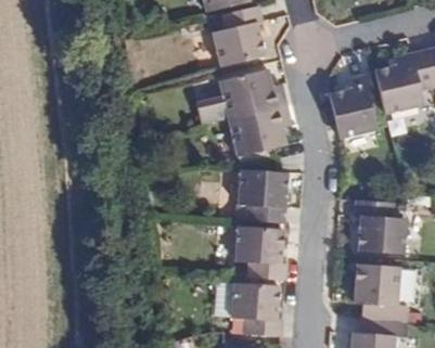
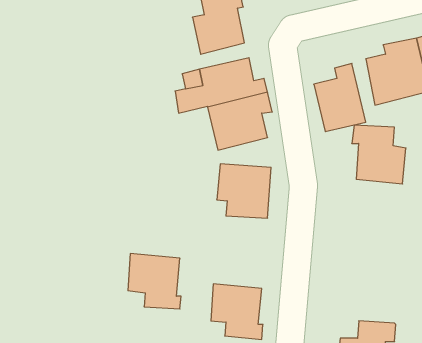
building: [355,199,406,255] -> [352,125,406,184]
building: [234,227,284,279] -> [128,254,181,309]
building: [356,266,406,321] -> none

